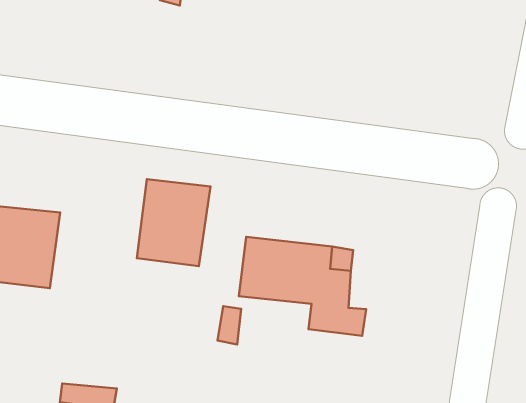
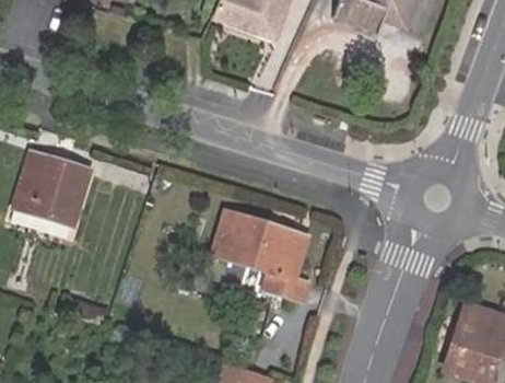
building: [137,179,210,266] -> none

